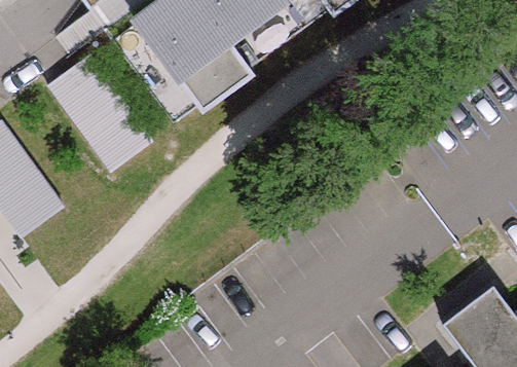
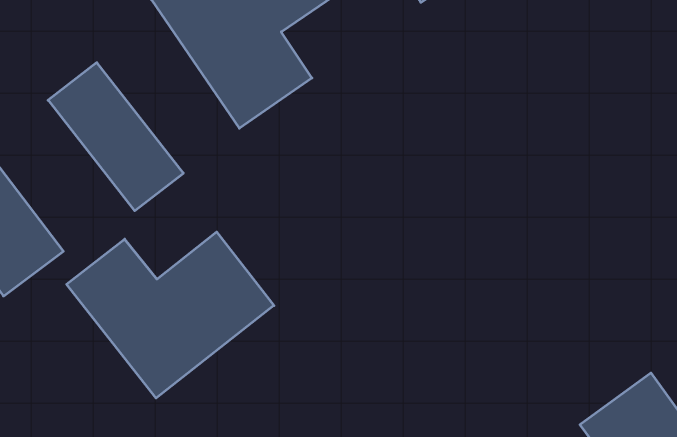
building: none -> [67,232,274,398]

